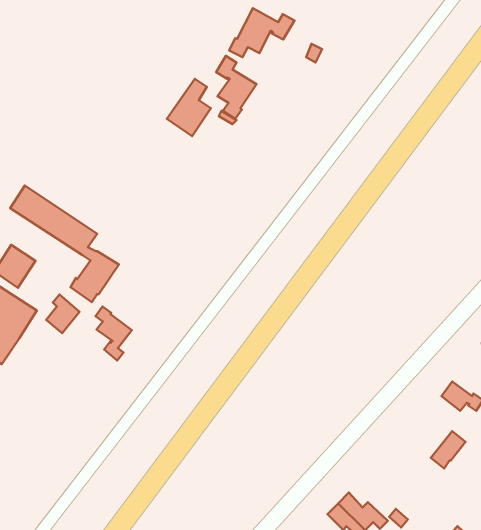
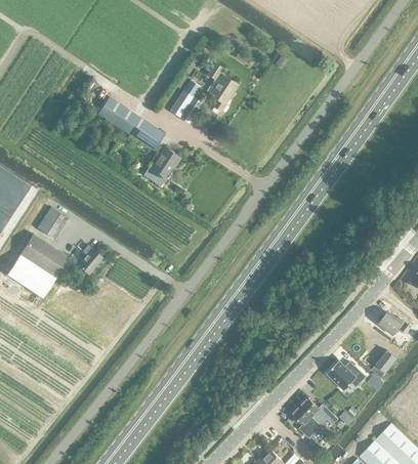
building: [229,8,294,57] -> none
building: [10,186,119,302] -> [96,96,179,185]
building: [96,307,132,361] -> none
building: none -> [326,360,365,389]

